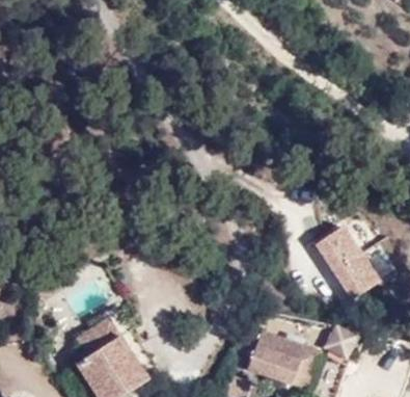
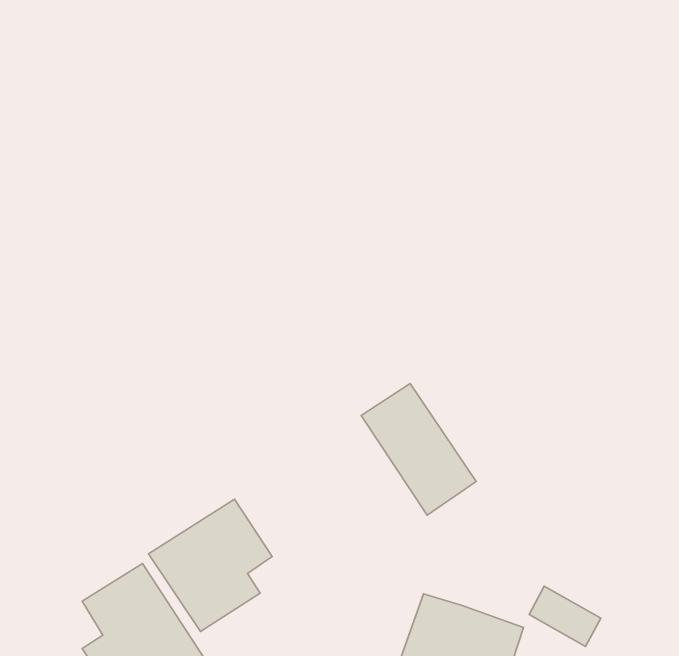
building: [313,224,377,297] -> [361,383,476,515]
building: none -> [149,499,272,632]

